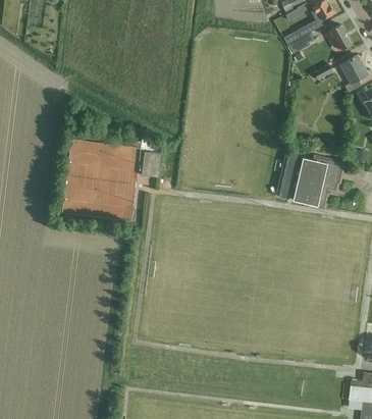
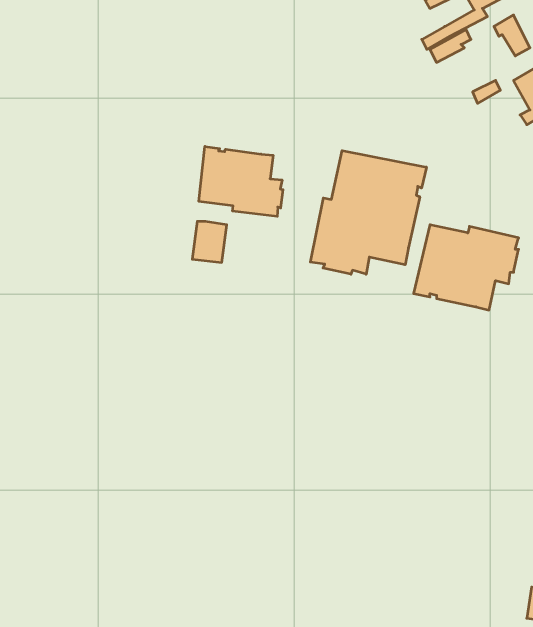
building: none -> [199,146,283,216]
building: none -> [310,151,426,274]

